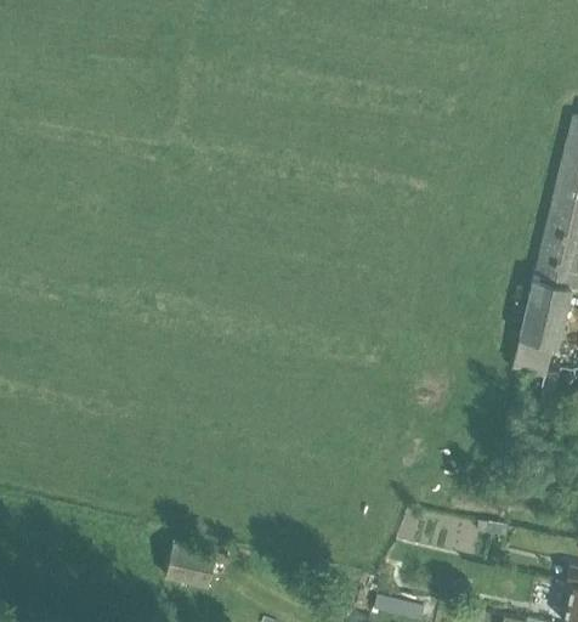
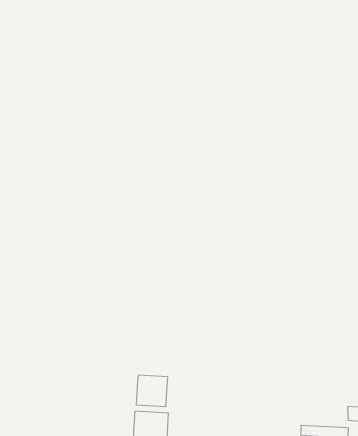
building: none -> [137,375,167,407]

